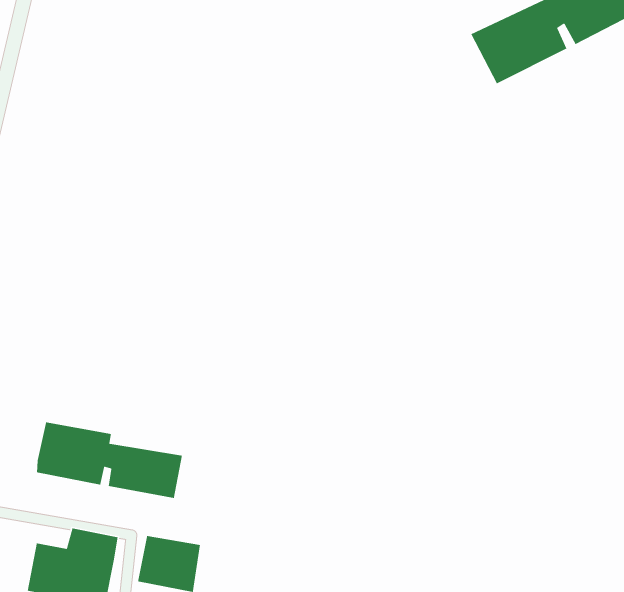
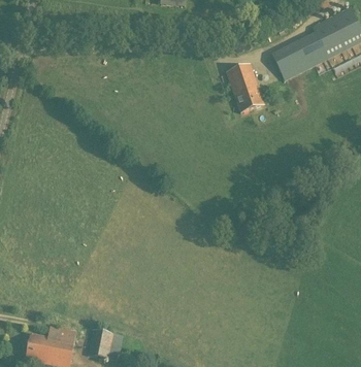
building: none -> [226,62,264,111]
building: [36,422,183,499] -> none

